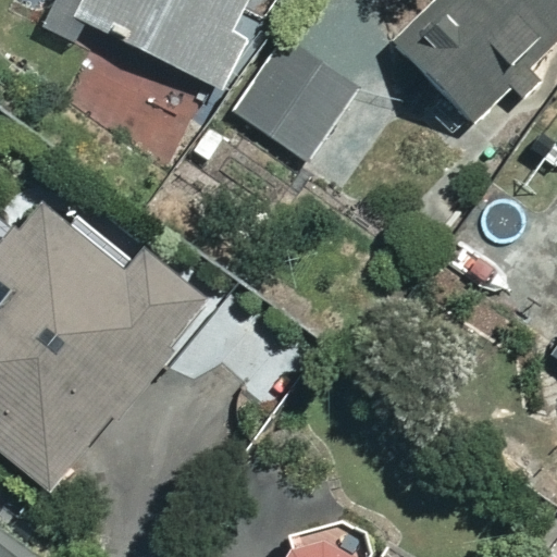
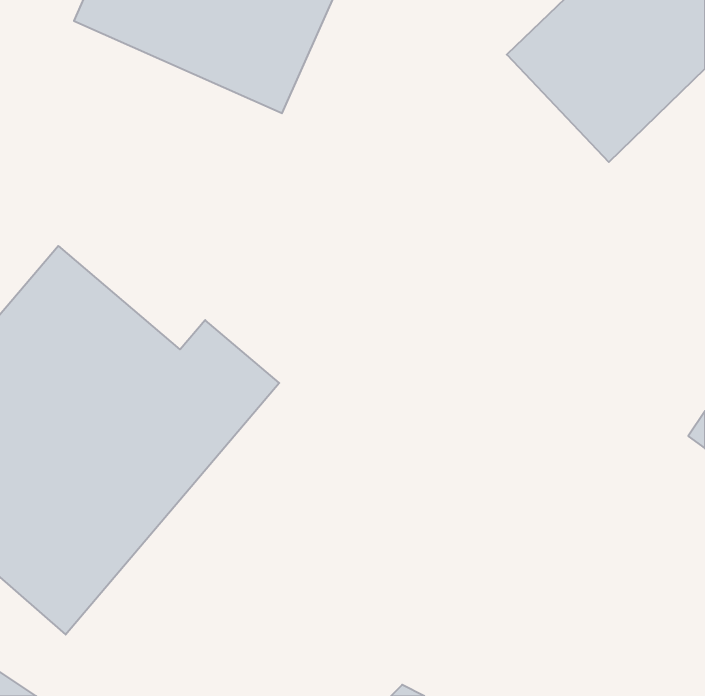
building: [224,28,344,147] -> none

